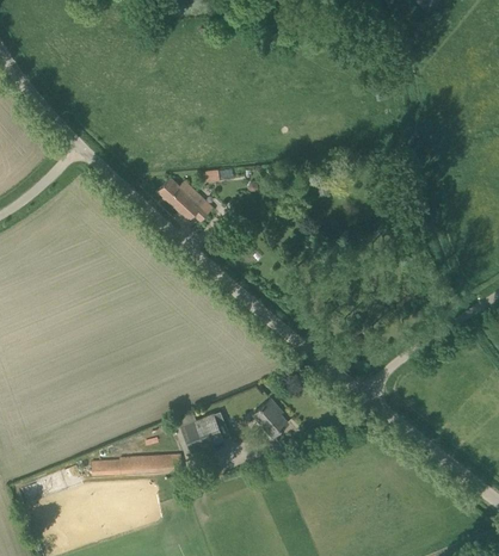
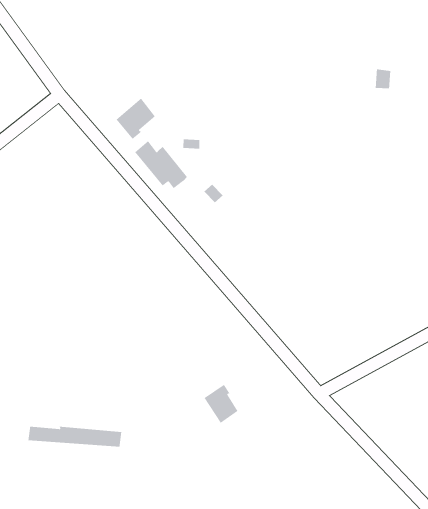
building: none -> [116,98,156,140]
building: [181,413,226,453] -> none

